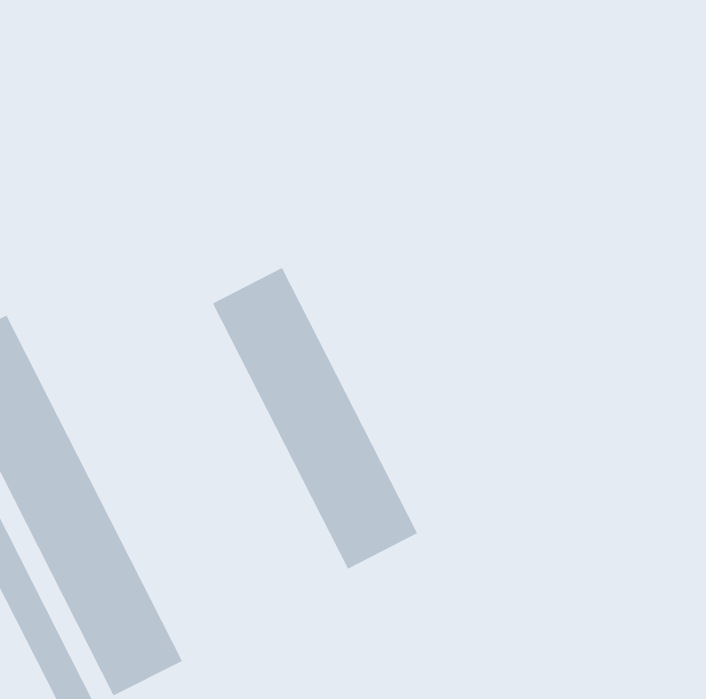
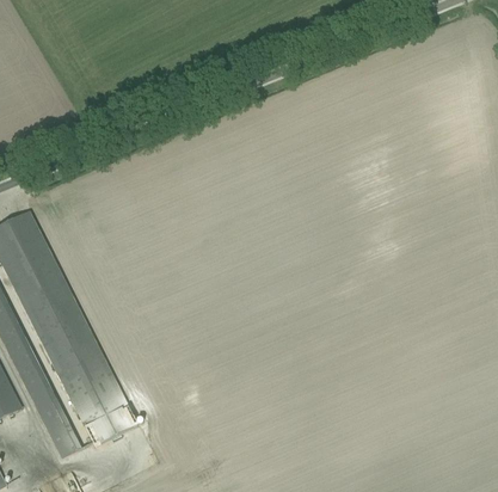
building: [212,267,418,570] -> none

